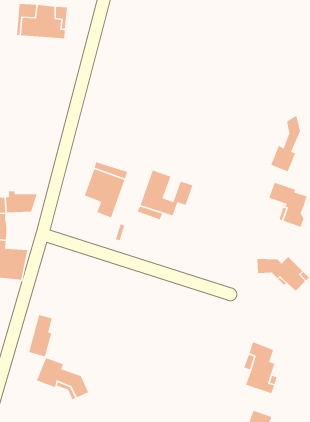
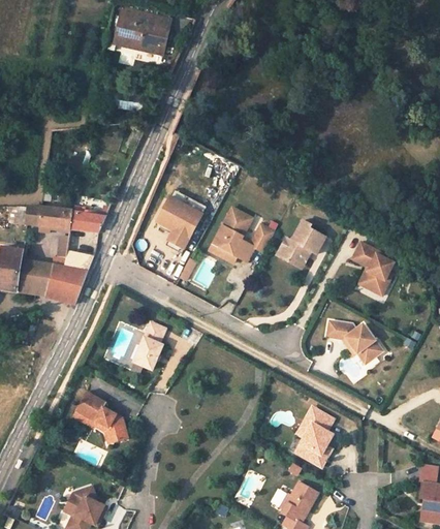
building: [270,115,301,172] -> none
building: none -> [276,220,325,263]
building: none -> [63,250,93,272]
building: [28,314,53,358] -> [134,320,166,368]

